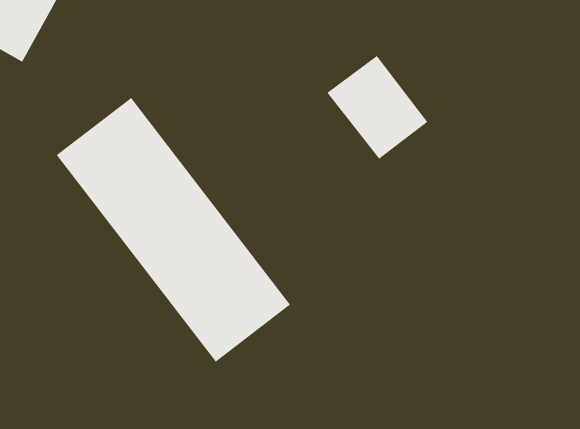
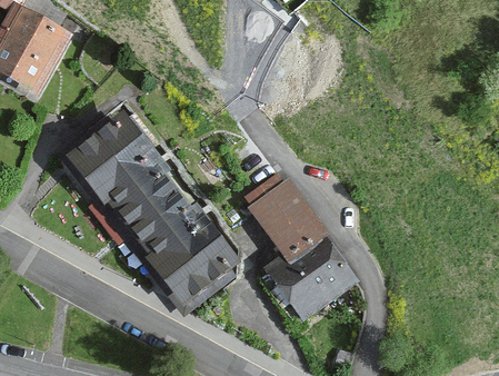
building: [326,55,428,159] -> [248,179,326,259]
building: none -> [272,238,357,319]

